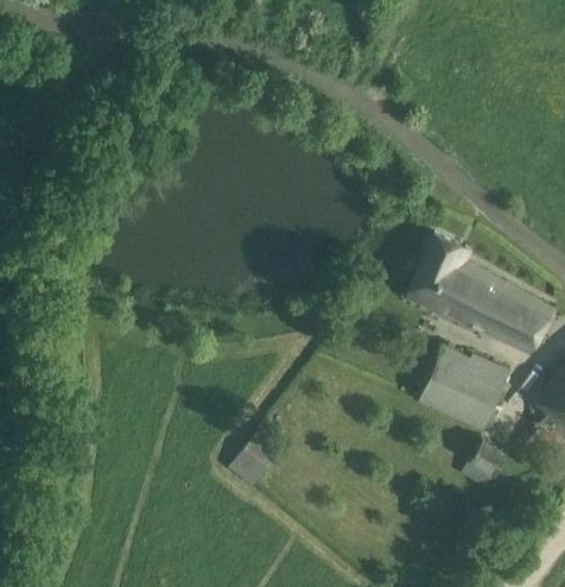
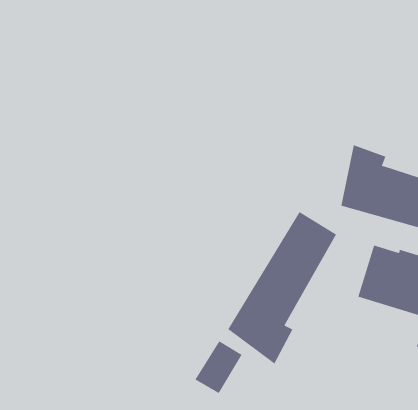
building: none -> [227,211,337,364]

